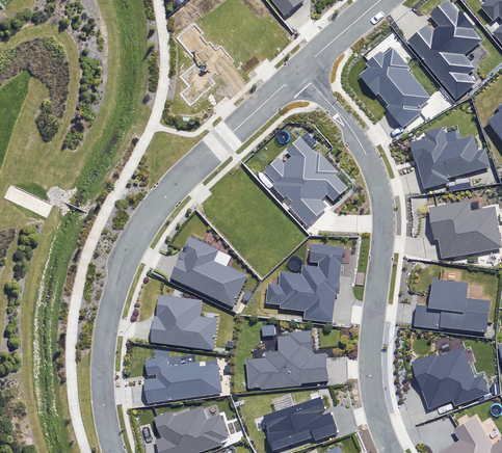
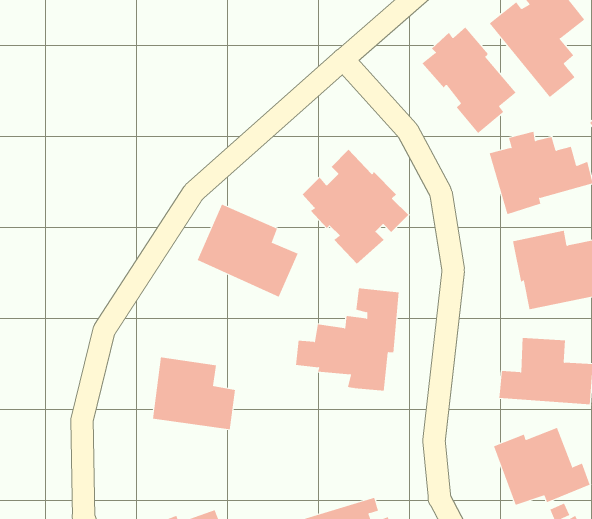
building: [168,236,245,307] -> [197,204,298,297]
building: [246,334,329,390] -> none
building: [147,357,222,402] -> none

